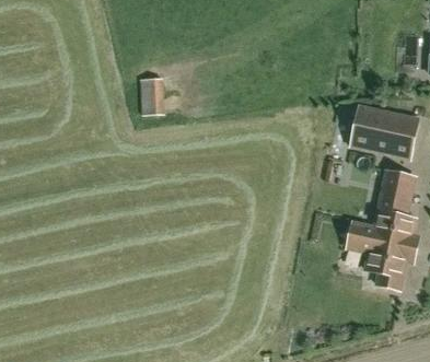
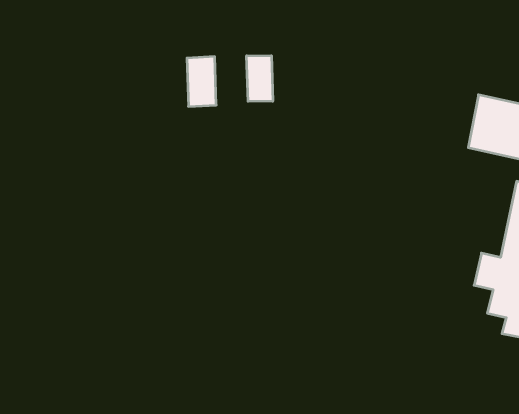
building: none -> [247,56,273,101]

